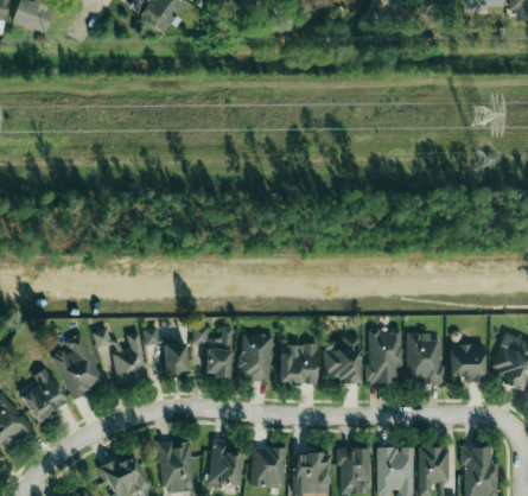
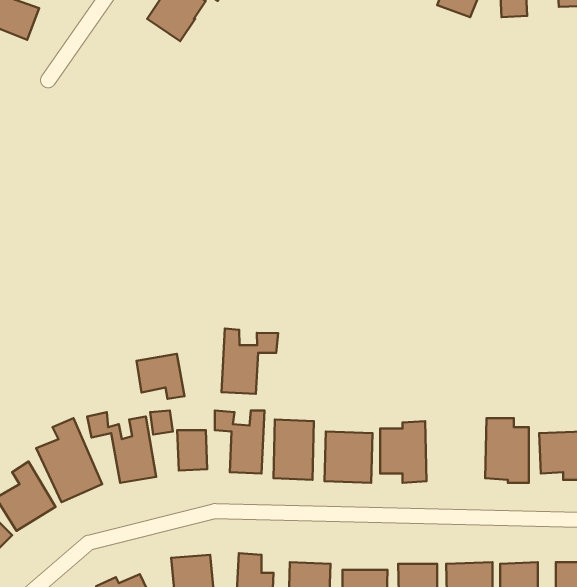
building: none -> [222,328,278,394]
building: none -> [136,354,185,399]
building: [367,330,402,384] -> none

